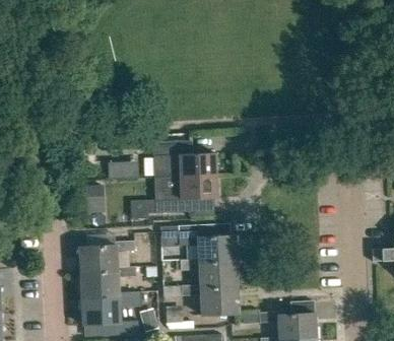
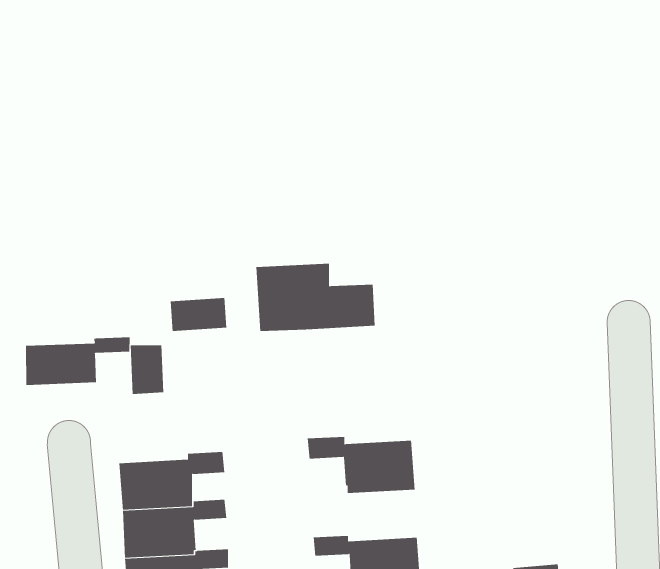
building: [129,176,215,220] -> none
building: none -> [26,337,130,386]
building: [179,261,237,290] -> none

